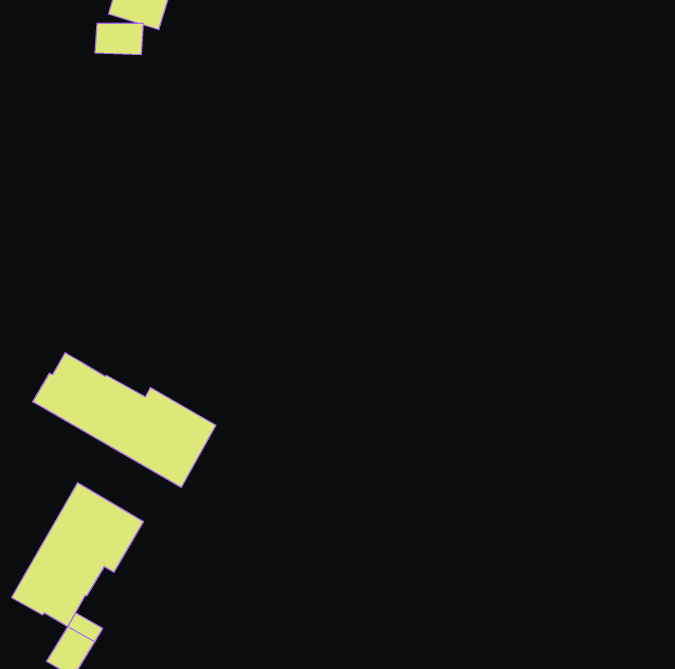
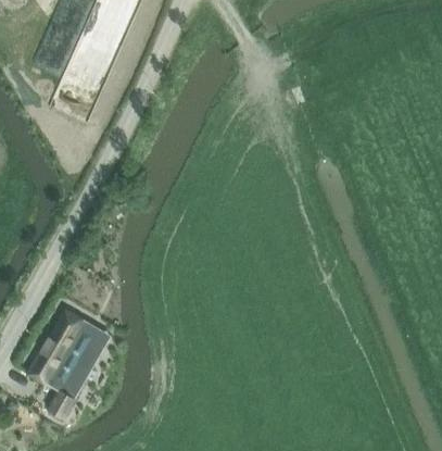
building: [33,353,216,487] -> none

